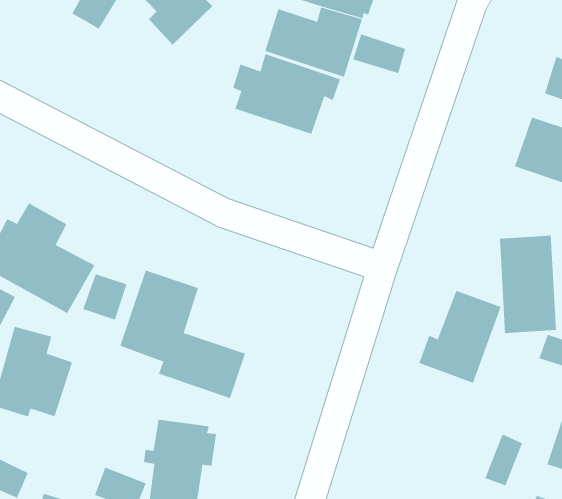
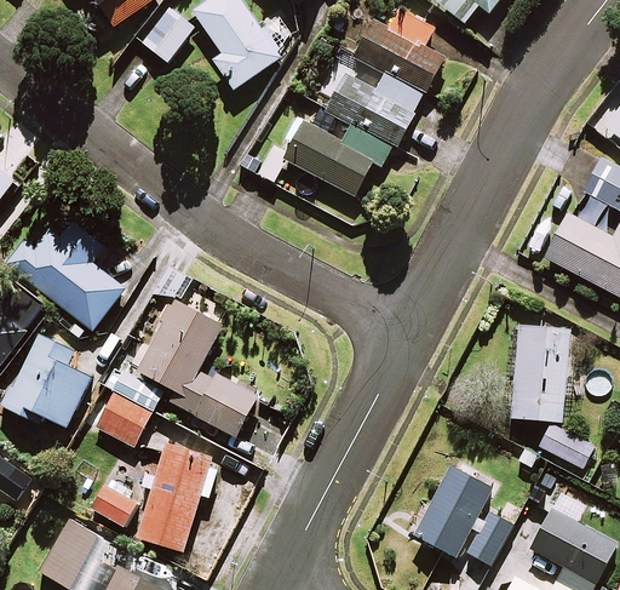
building: [353,34,406,74] -> none
building: [82,274,127,320] -> none
building: [418,290,502,383] -> [403,464,492,556]
building: none -> [96,394,151,447]

